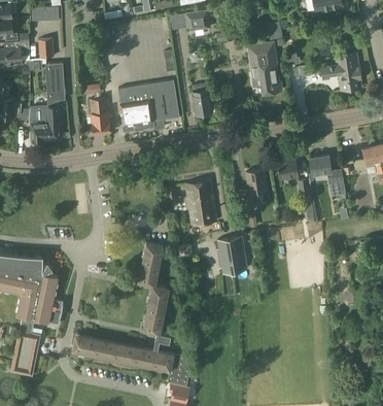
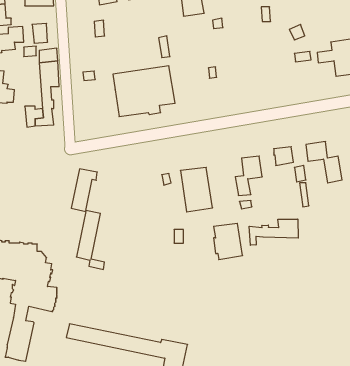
building: [249,43,282,94] -> none
building: [192,83,212,116] -> none
building: [90,98,111,134] -> none
building: none -> [249,219,298,245]
building: [138,243,171,343] -> [71,169,104,269]

